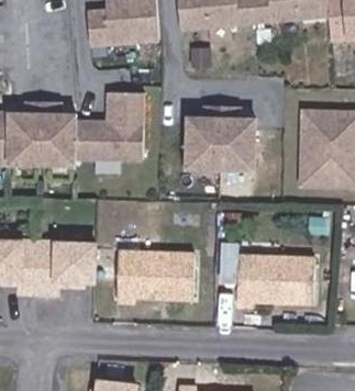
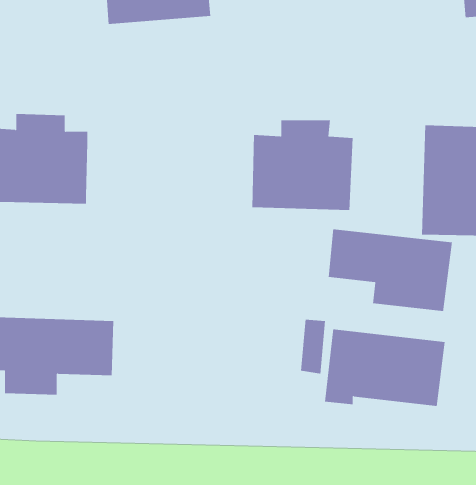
building: [75,94,145,160] -> none
building: none -> [328,228,453,312]
building: [118,247,197,300] -> none

